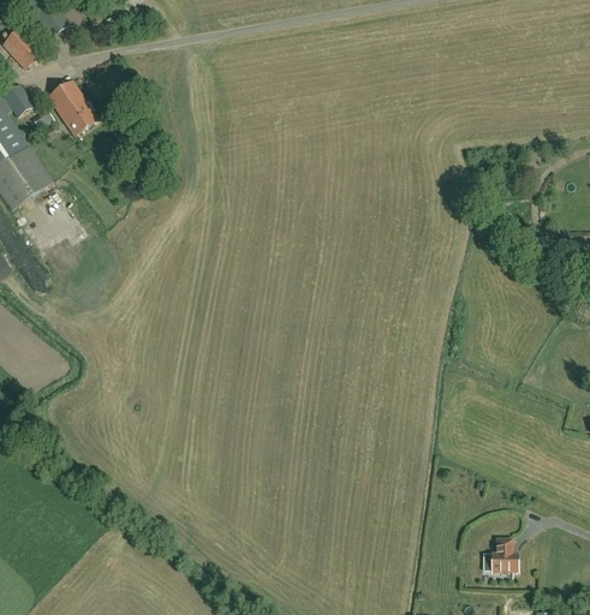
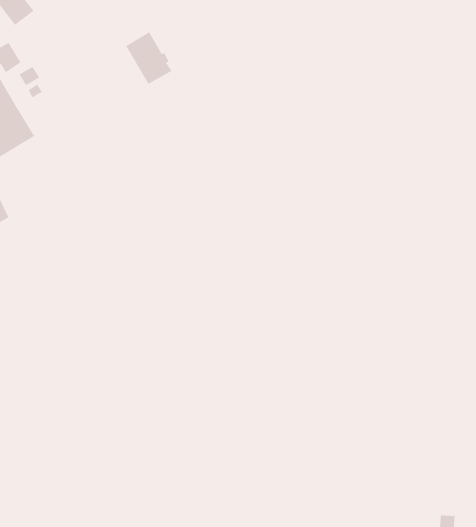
building: [47,79,97,135] -> [125,31,173,85]

